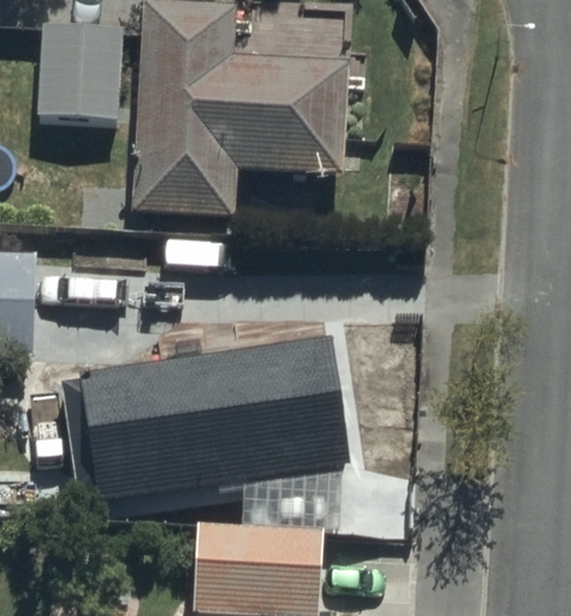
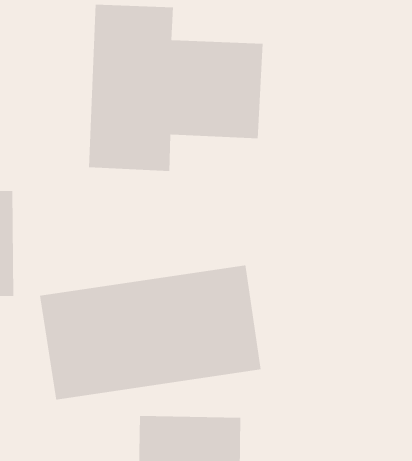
building: [35,22,130,120] -> none

